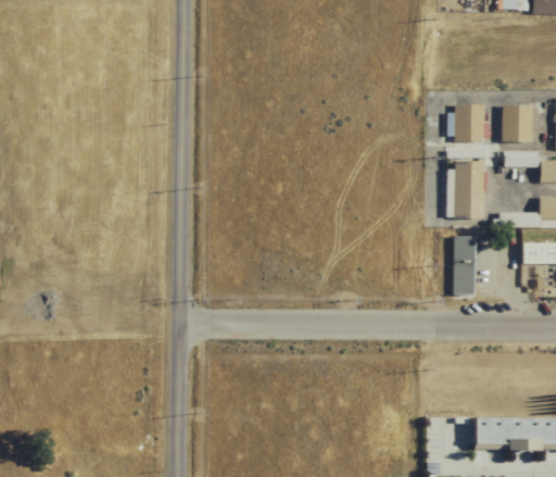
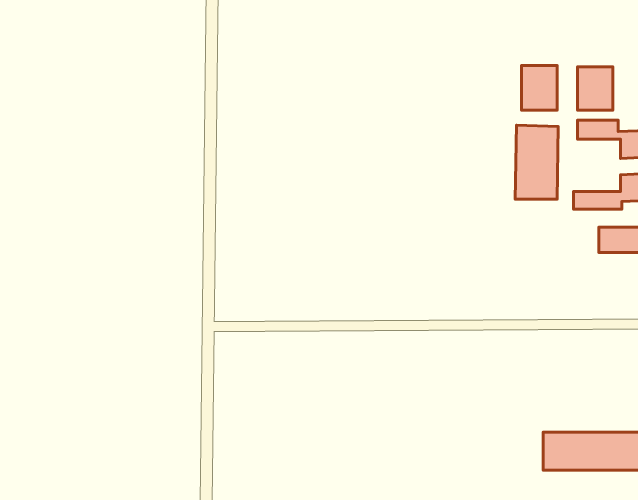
building: [454,237,476,294] -> none

